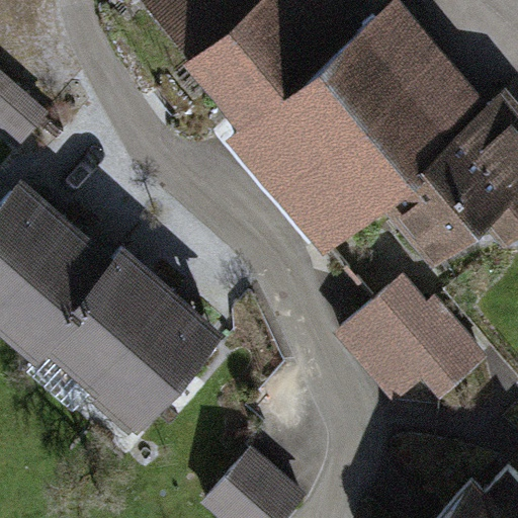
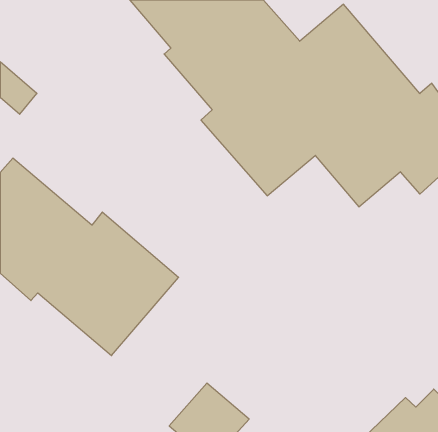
building: [336,279,488,401] -> none

